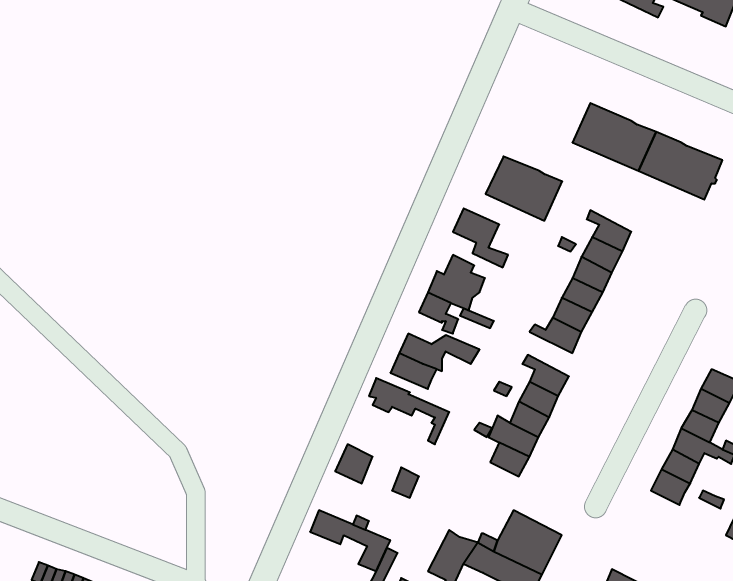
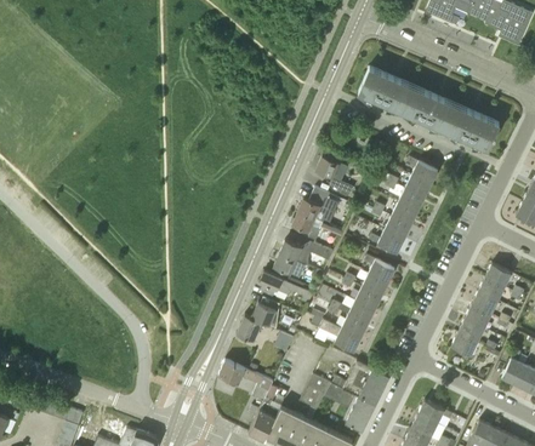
building: [486,156,562,221] -> [358,67,410,110]
building: none -> [245,297,280,328]
building: none -> [312,316,362,351]

